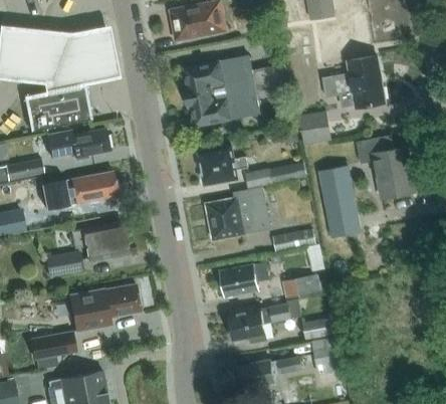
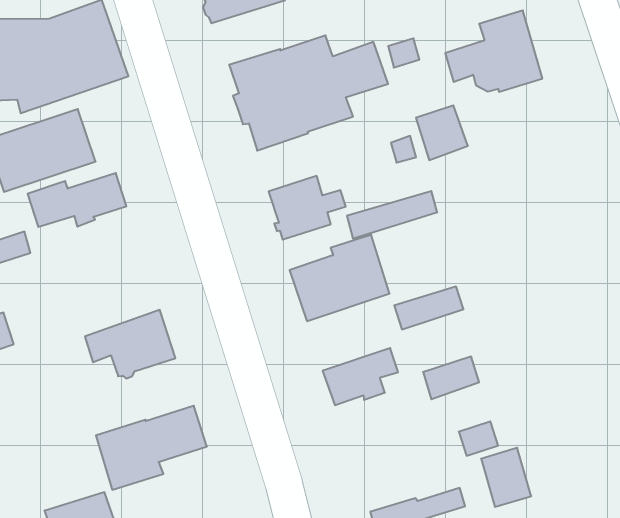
building: [357,136,416,199] -> none
building: [319,167,360,236] -> none
building: [41,171,117,209] -> none
building: [44,250,81,275] -> none
building: [228,299,301,343] -> none

